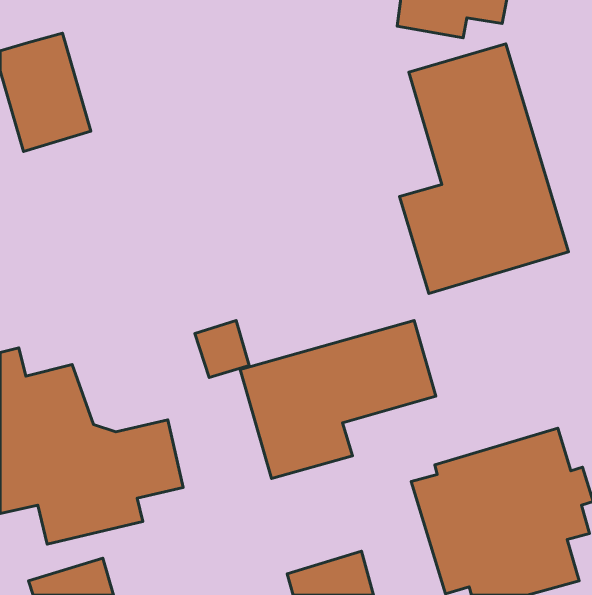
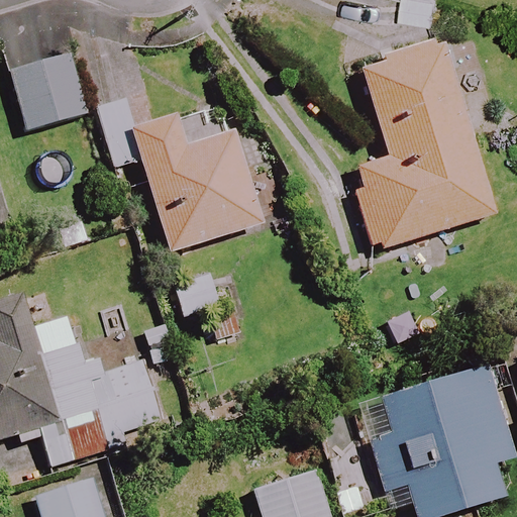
building: none -> [98,95,263,252]
building: [240,320,436,478] -> none

